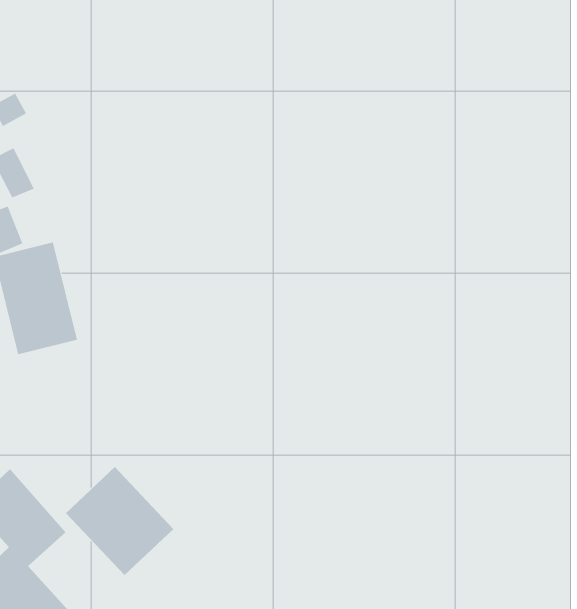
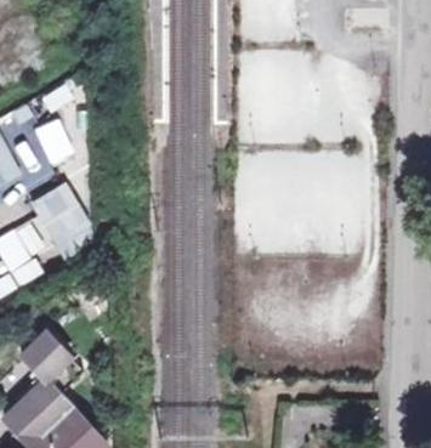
building: [65,466,174,576] -> none

